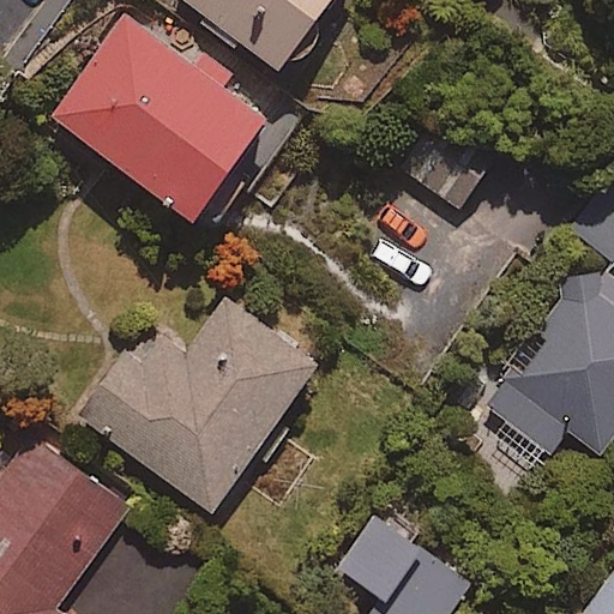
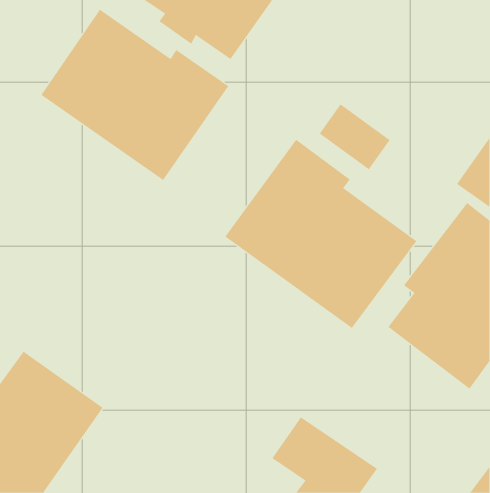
building: none -> [225,139,417,329]
building: [82,299,321,513] -> none

